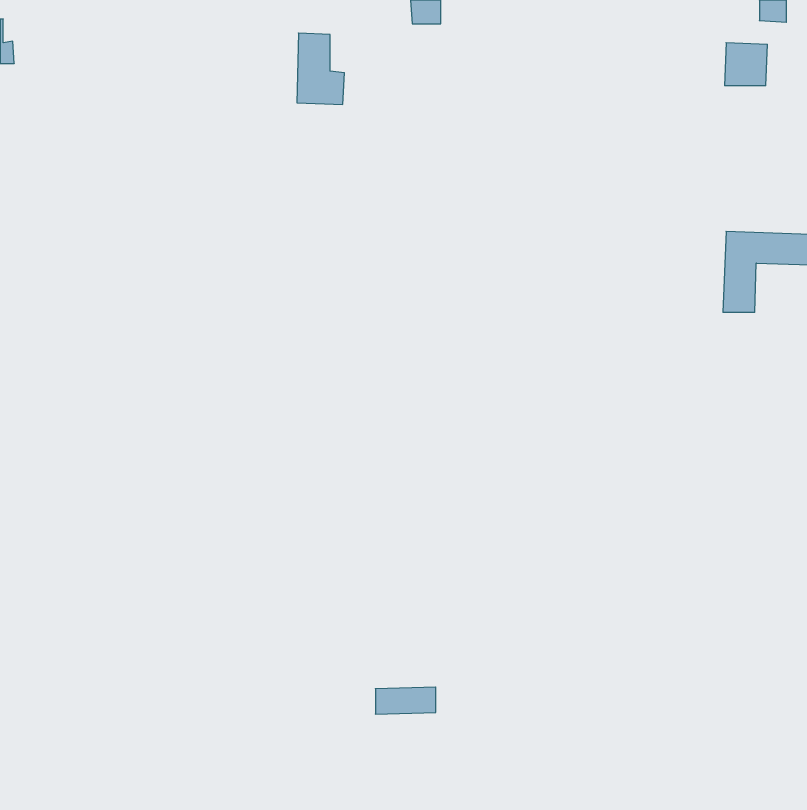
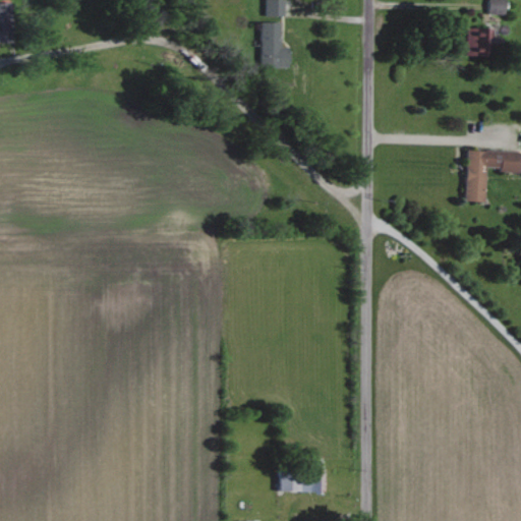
building: [297,33,344,104] -> [260,21,291,67]
building: [375,687,436,714] -> [281,474,320,491]

